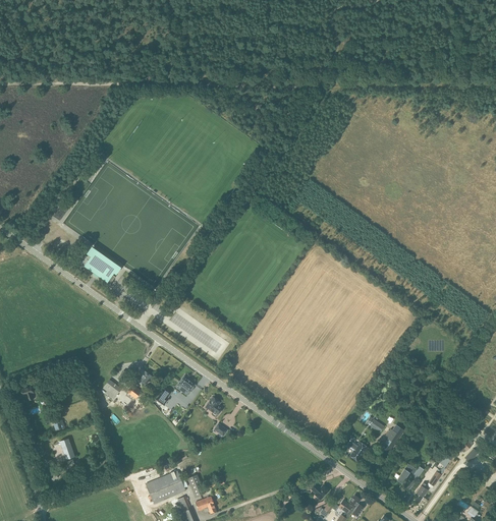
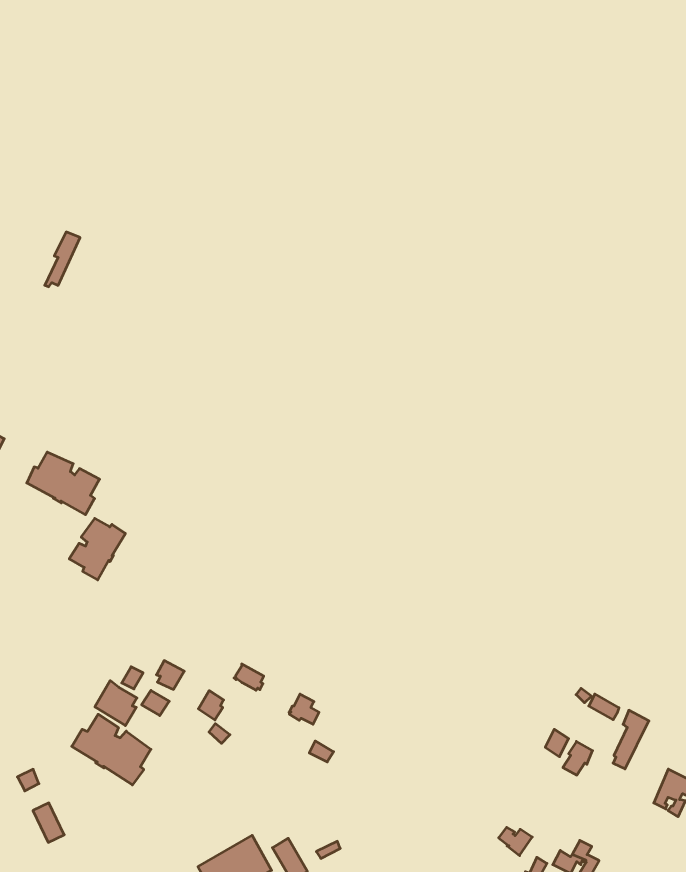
building: none -> [69,518,125,580]
building: none -> [72,714,151,785]

